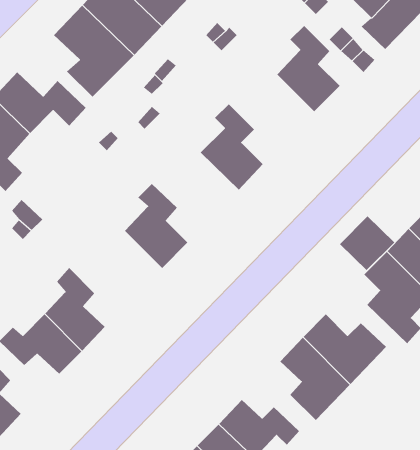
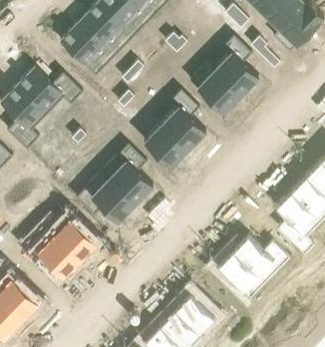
building: none -> [182,67,241,111]
building: none -> [128,121,189,165]
building: [339,216,395,271] -> none
building: none -> [76,176,135,220]

